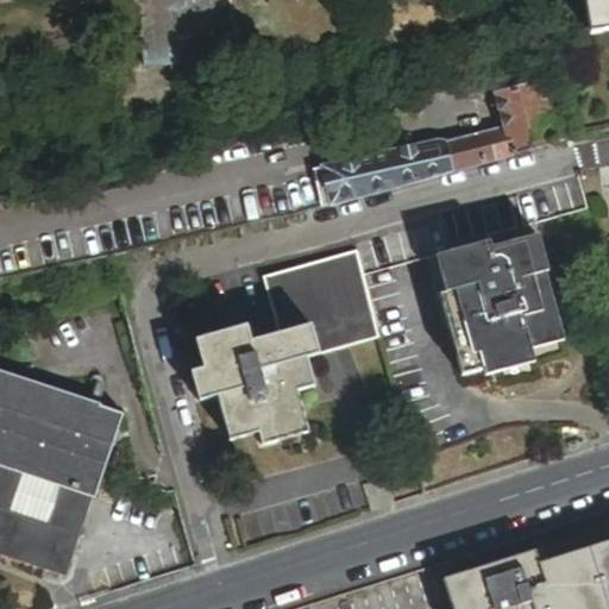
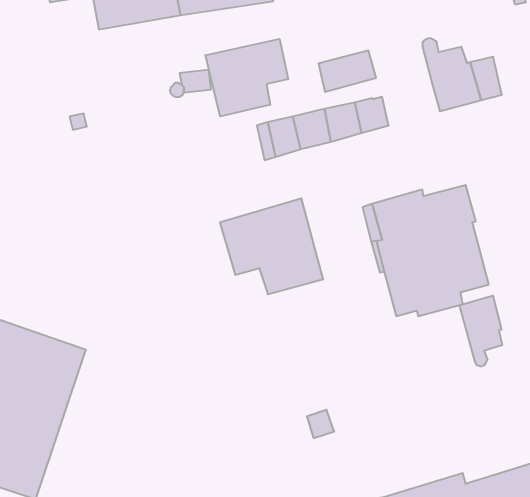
building: none -> [205,39,288,116]
building: [445,123,508,168] -> [318,50,376,92]
building: [189,321,320,445] -> none
building: none -> [460,295,502,367]

